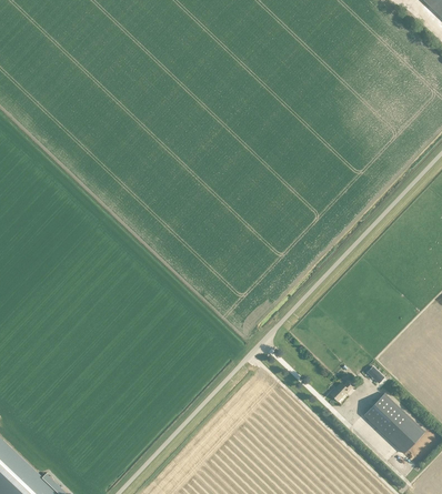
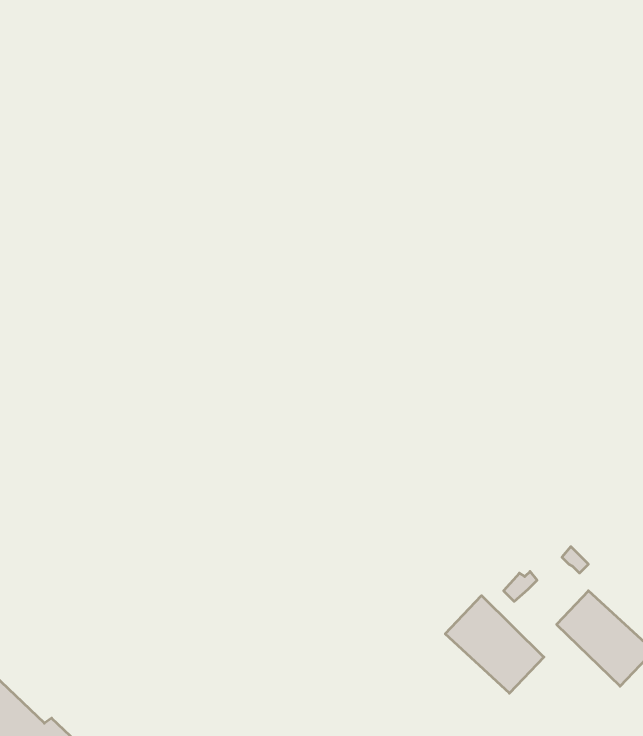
building: none -> [445,596,544,693]

